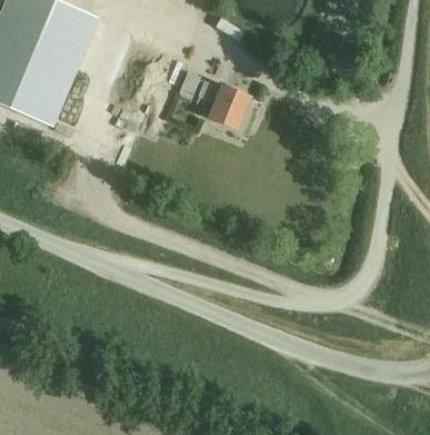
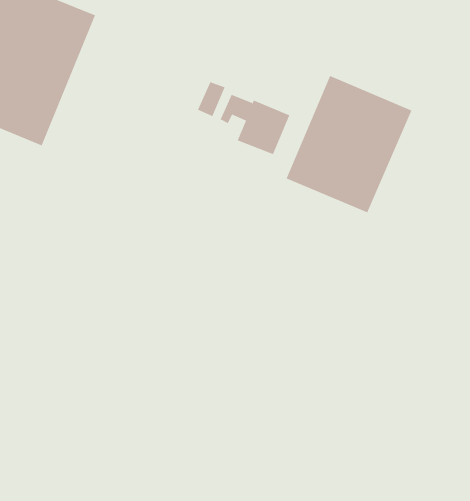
building: none -> [286,75,412,213]

